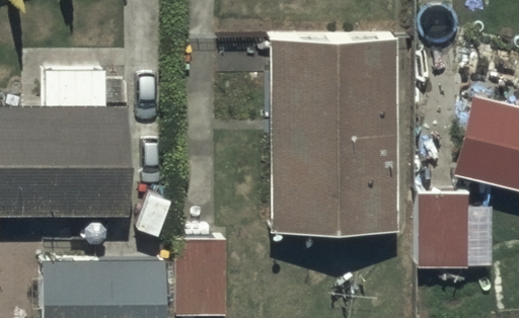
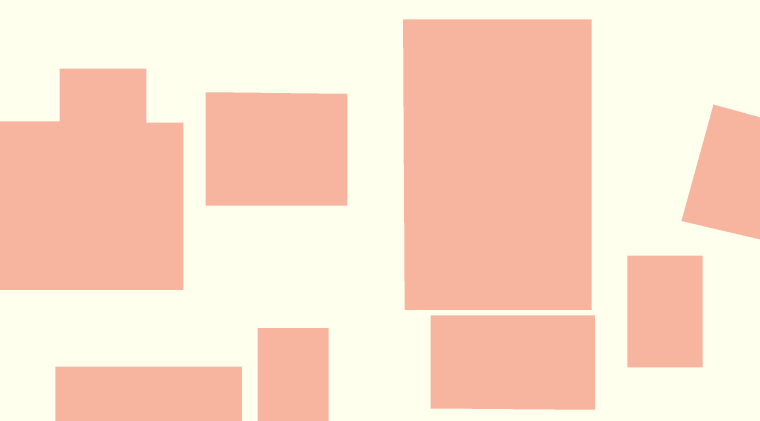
building: none -> [205,92,348,207]
building: none -> [430,315,595,410]

